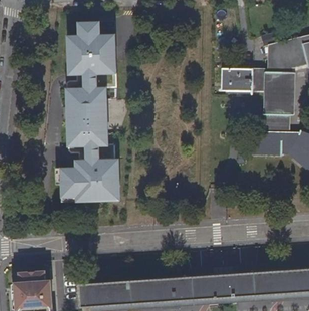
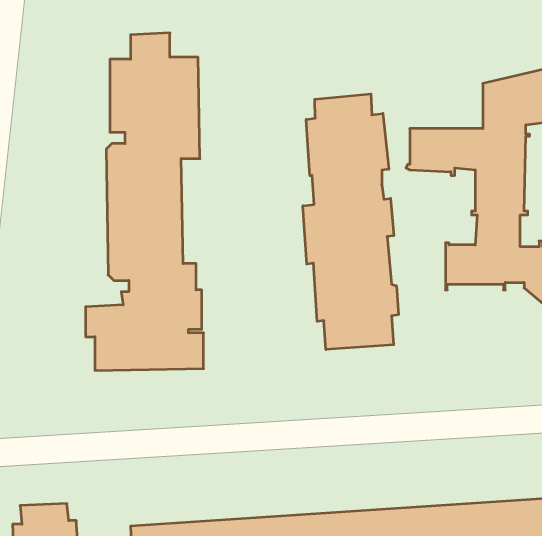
building: none -> [303,94,398,350]

